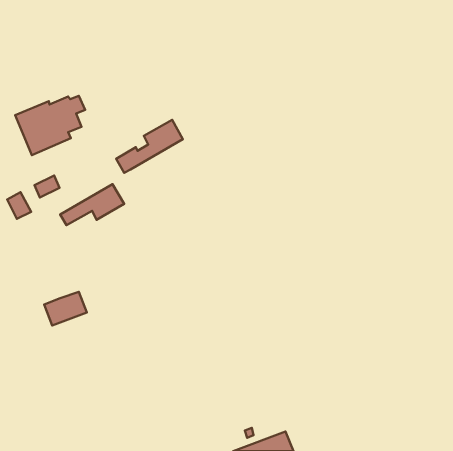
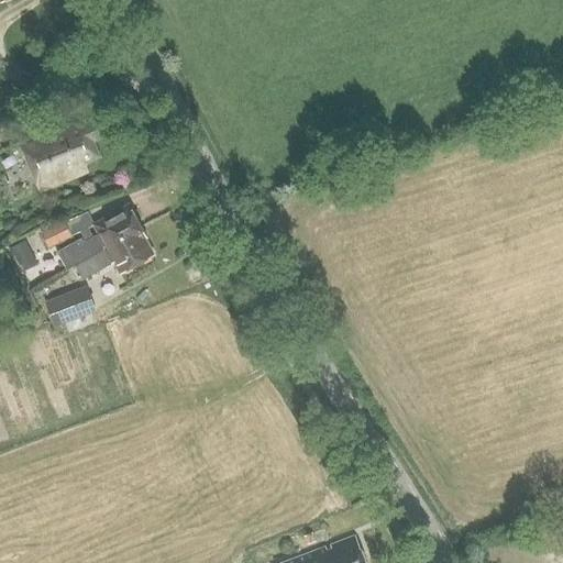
building: [116,120,183,173] -> [57,205,140,271]
building: [44,292,87,326] -> [44,285,97,327]

